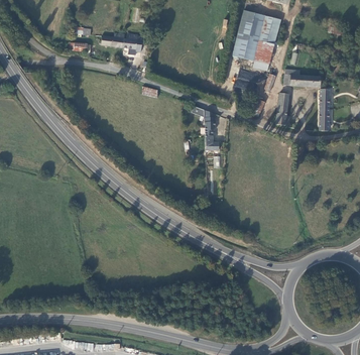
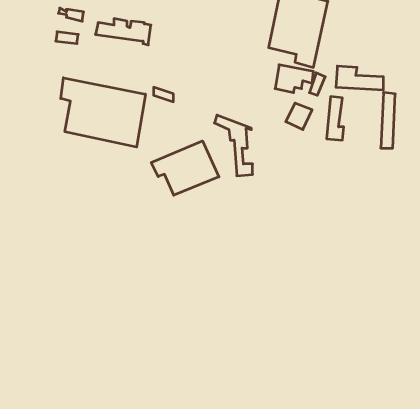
building: none -> [61,78,145,147]
building: none -> [151,141,219,195]

